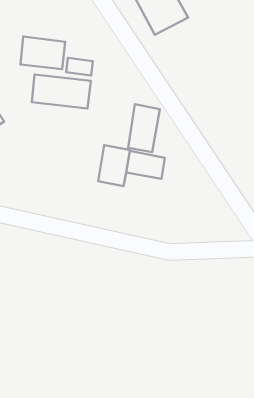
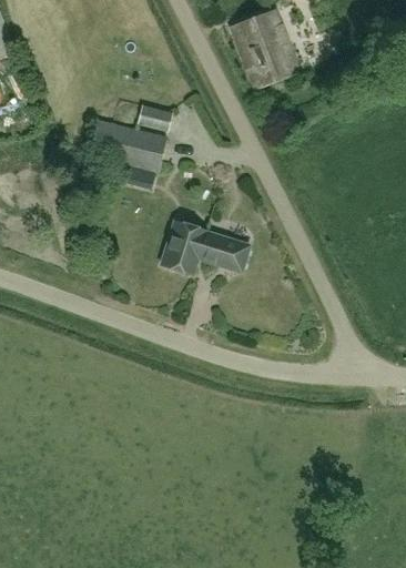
building: [20,37,65,69] -> none
building: [128,104,160,152] -> none

